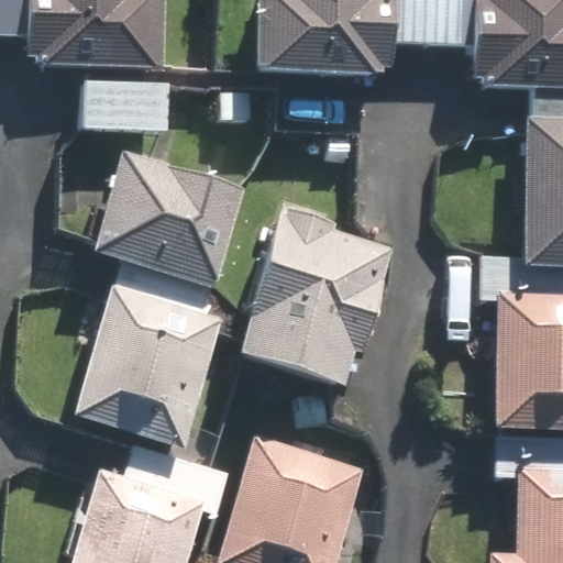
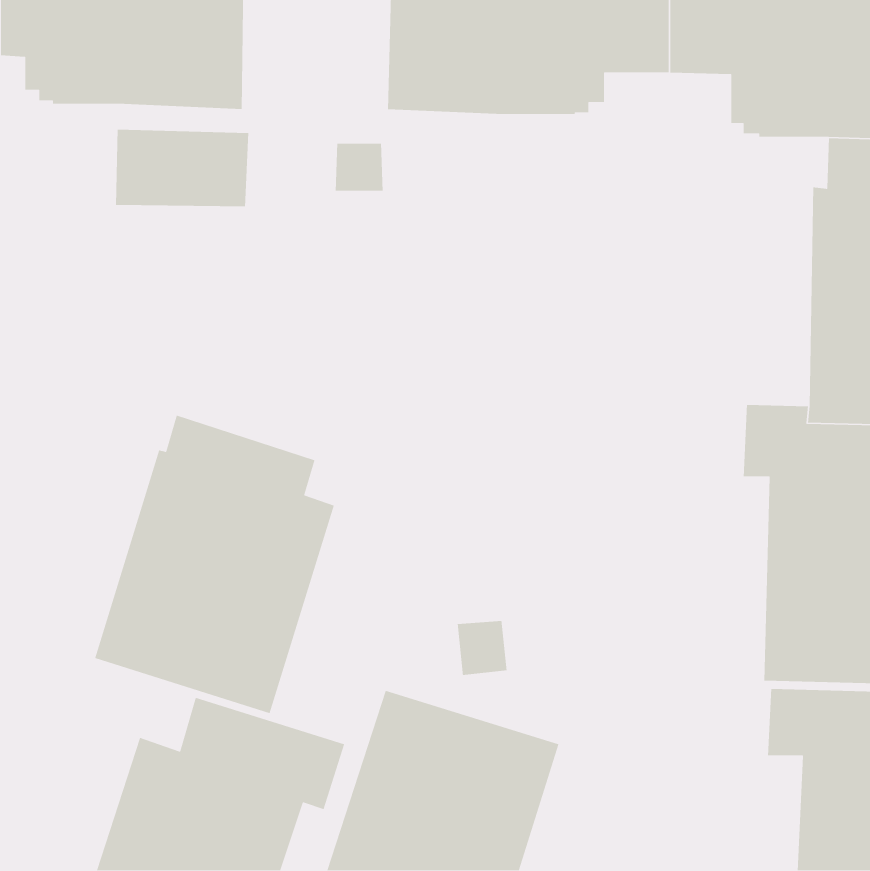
building: [93,152,245,290] -> none
building: [238,210,395,387] -> none

